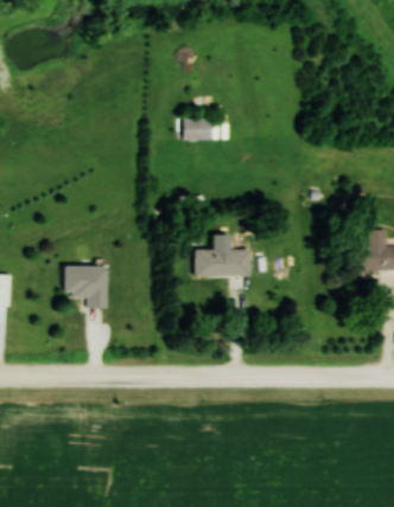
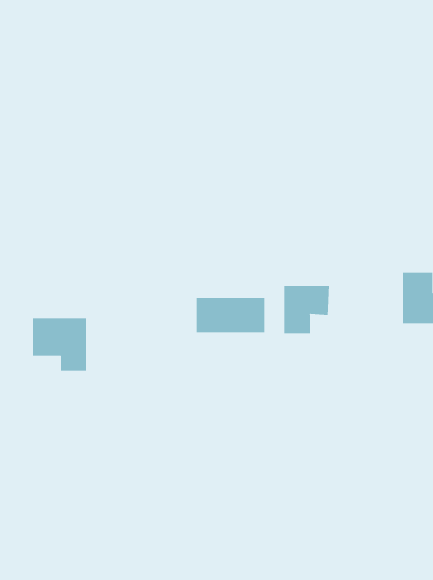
building: [183,117,212,139] -> none
building: none -> [284,285,329,334]

